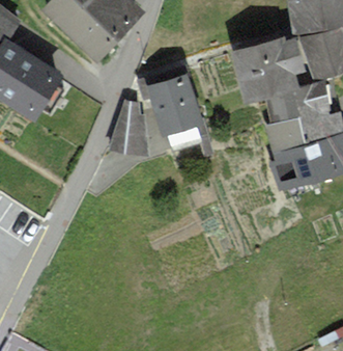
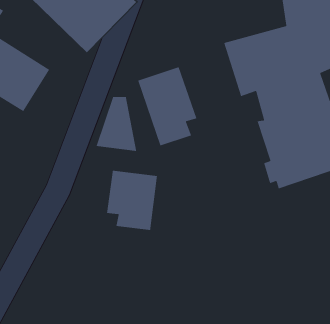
building: none -> [106,170,158,231]

